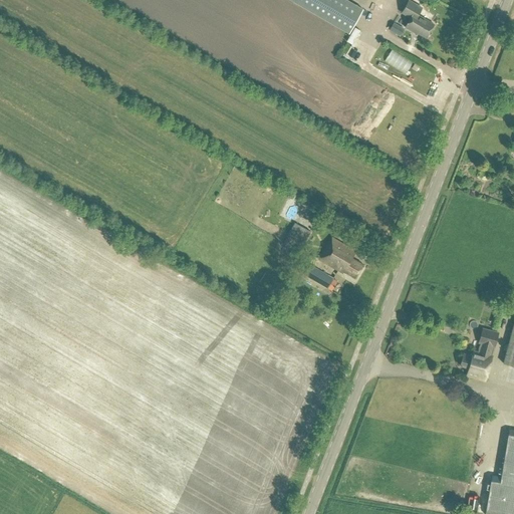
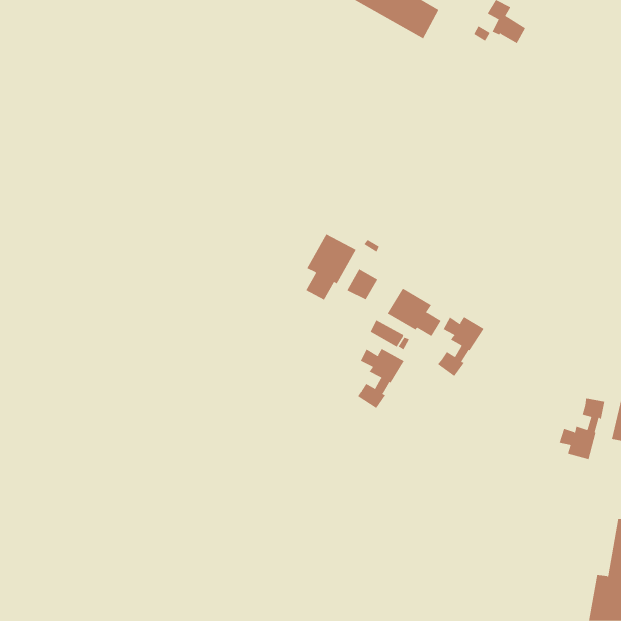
building: none -> [306,234,356,300]
building: none -> [437,316,484,377]
building: none -> [357,348,404,409]

